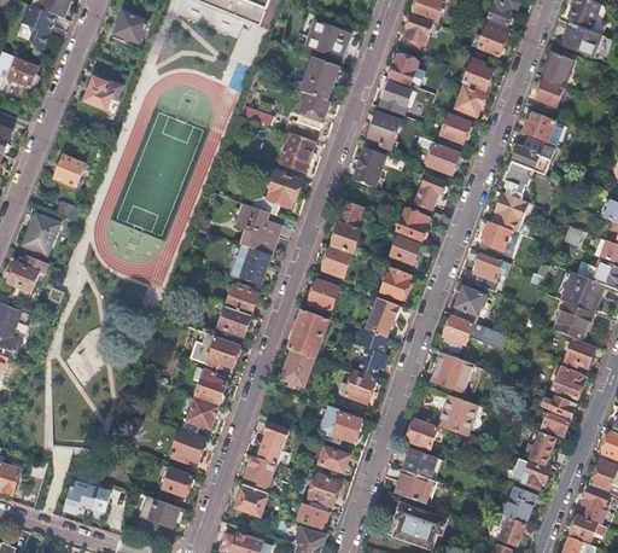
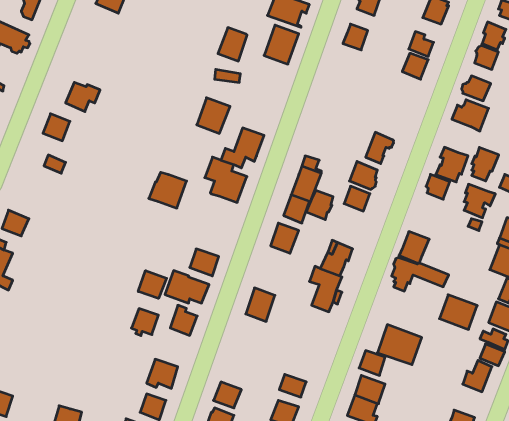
building: [82,77,121,110] -> [66,82,100,112]
building: [378,78,415,115] -> none
building: [296,93,328,130] -> [218,28,247,61]
building: [368,115,400,150] -> none
building: [441,116,471,145] -> none
building: [278,132,315,171] -> [197,98,230,133]
building: [415,136,459,175] -> none
building: [352,147,385,188] -> none
building: [502,162,532,199] -> [472,147,499,181]
building: [22,215,57,255] -> none
building: [228,245,270,285] -> [149,172,187,208]
building: [473,255,508,292] -> [464,184,495,218]
building: [379,267,409,299] -> [306,190,333,220]
building: [225,285,257,315] -> none
building: [287,309,327,359] -> none
building: none -> [138,271,167,298]
building: [430,354,472,392] -> [439,295,477,329]
building: [344,371,374,403] -> none
building: [186,400,216,430] -> [131,309,158,336]
building: [321,407,360,444] -> none
building: [256,421,287,464] -> none
building: [509,458,549,489] -> none

